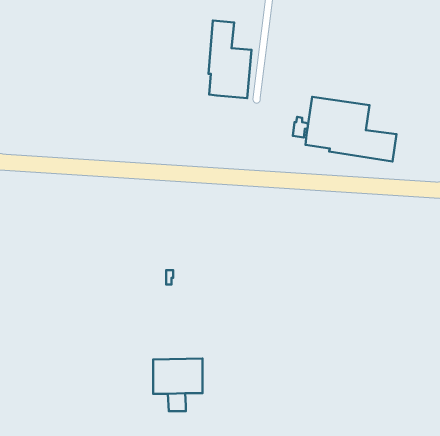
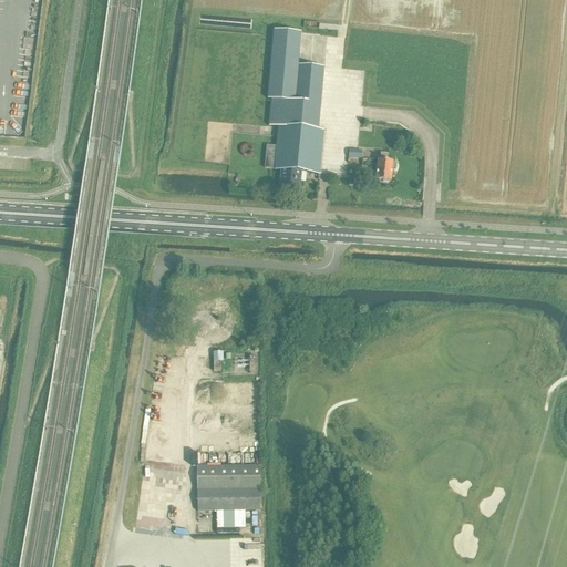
building: none -> [275,123,323,188]
building: [305,97,397,161] -> none

